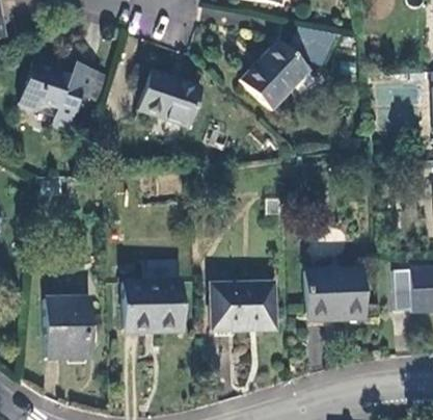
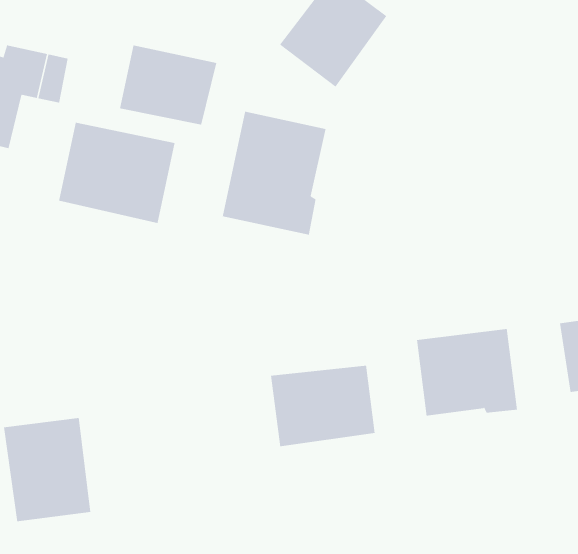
building: none -> [59,122,175,224]
building: none -> [222,111,326,235]
building: [126,280,181,331] -> none

